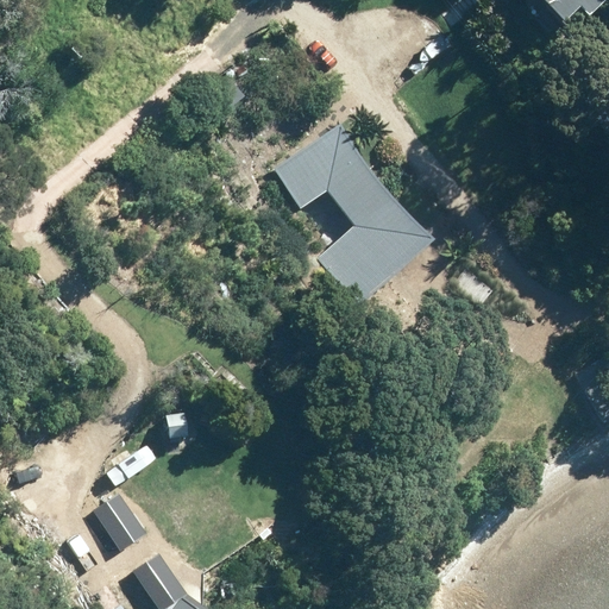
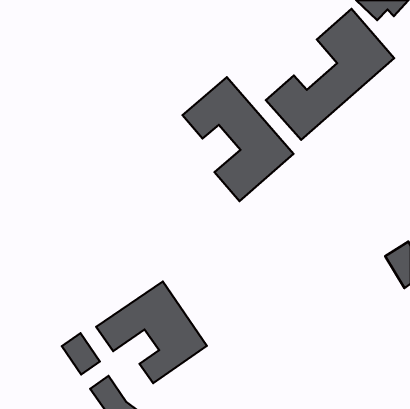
building: none -> [266,9,394,140]
building: none -> [96,282,207,383]

